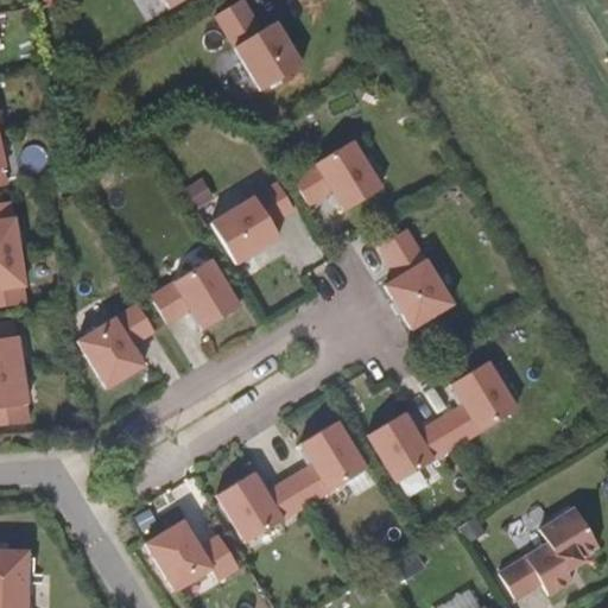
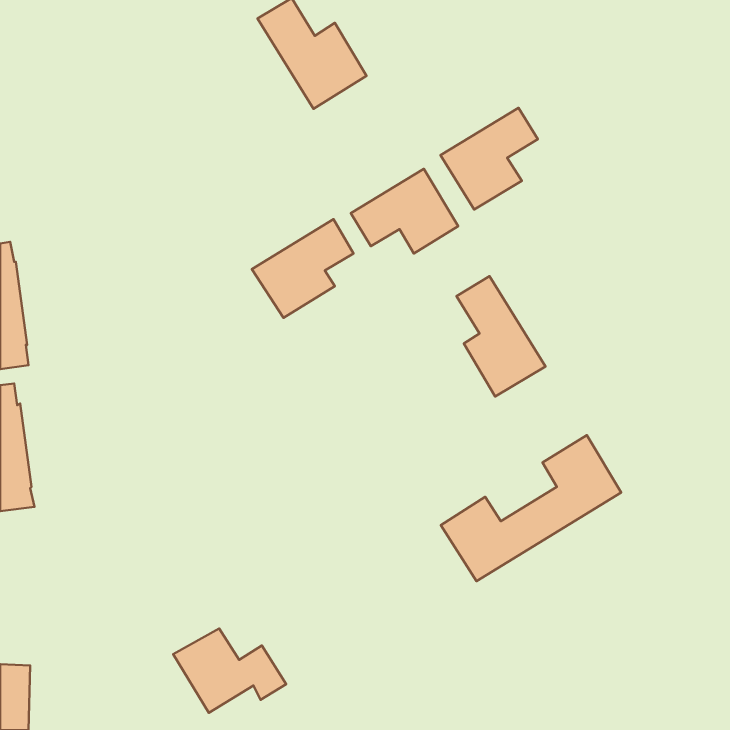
building: none -> [441,108,538,209]
building: [151,259,240,329] -> none
building: [77,304,154,388] -> none
building: [216,422,367,543] -> none
building: [499,507,600,600] -> none

